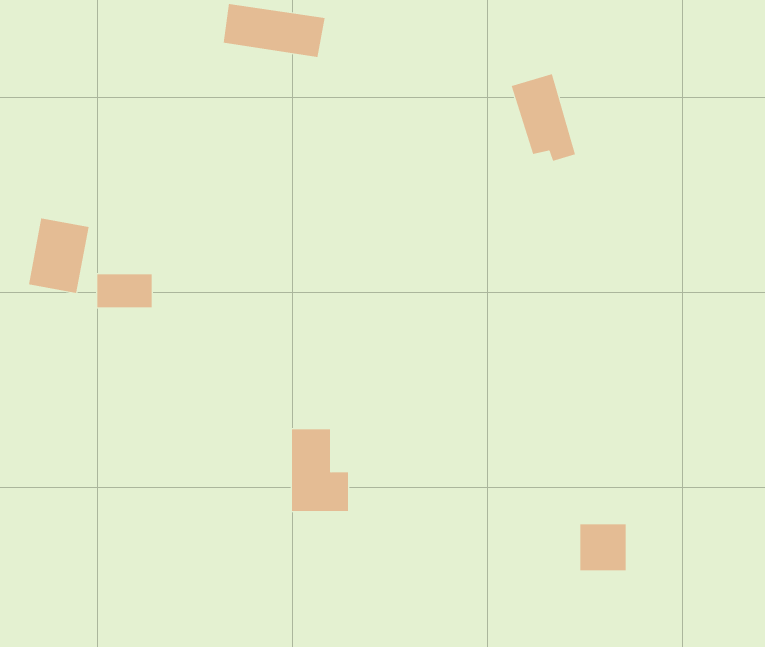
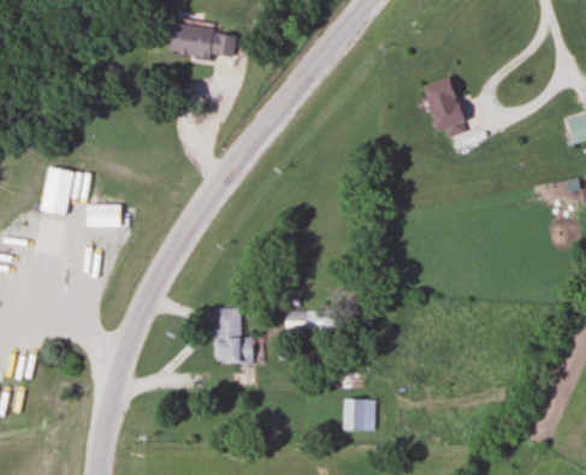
building: [511,73,576,162] -> [422,77,466,136]
building: none -> [285,310,320,328]
building: [580,524,627,571] -> [344,398,375,429]

